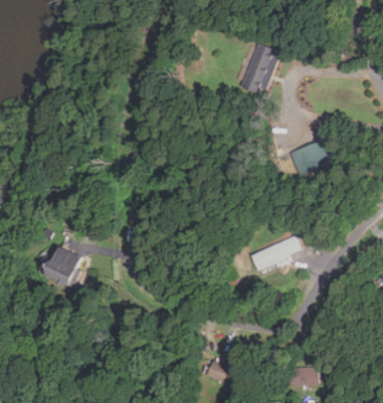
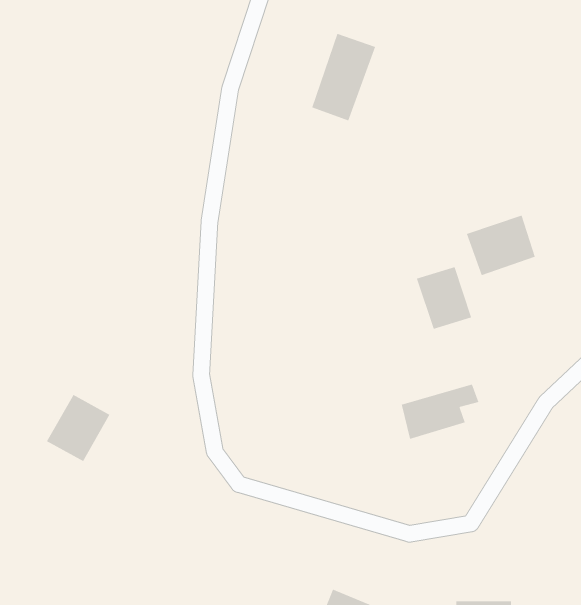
building: [241,42,279,94] -> [311,33,376,122]
building: none -> [416,266,472,330]

